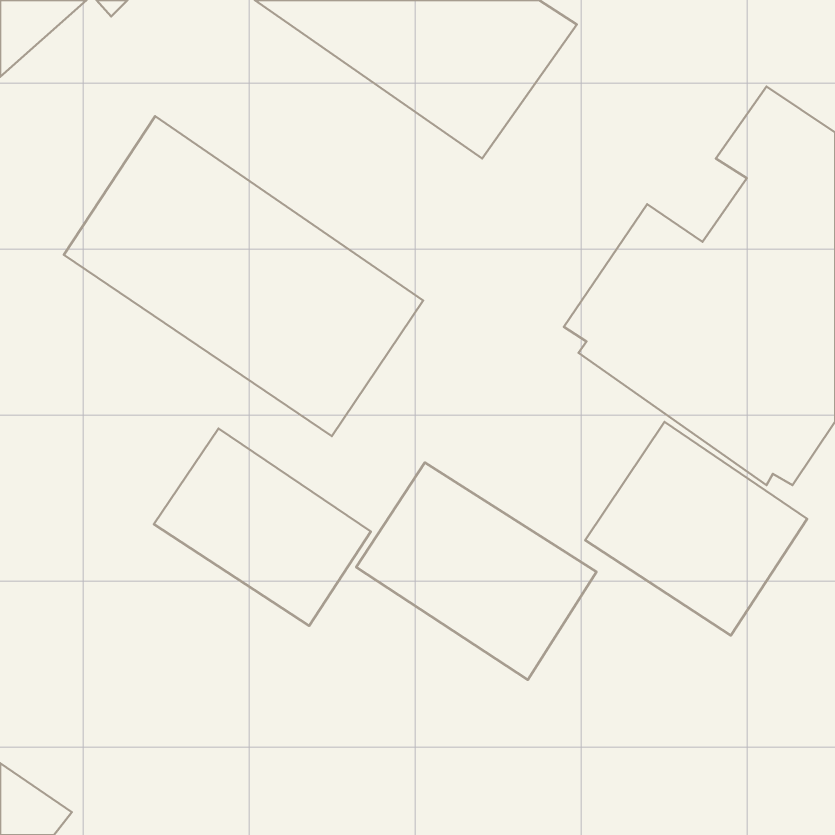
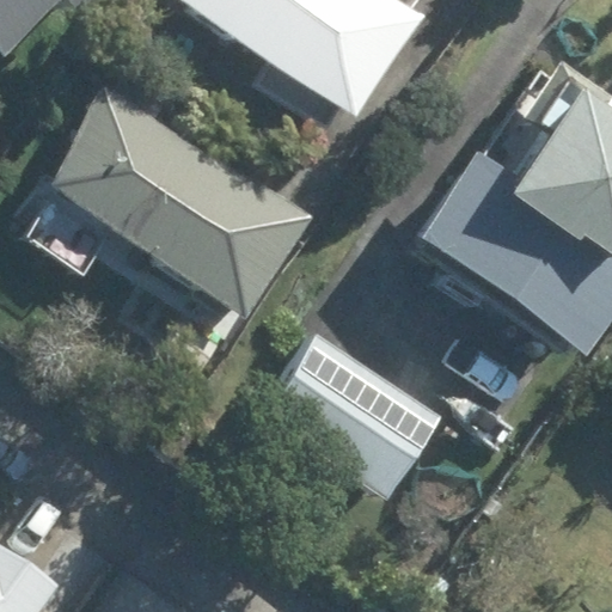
building: [585,422,807,635] -> none
building: [154,429,371,626] -> none

